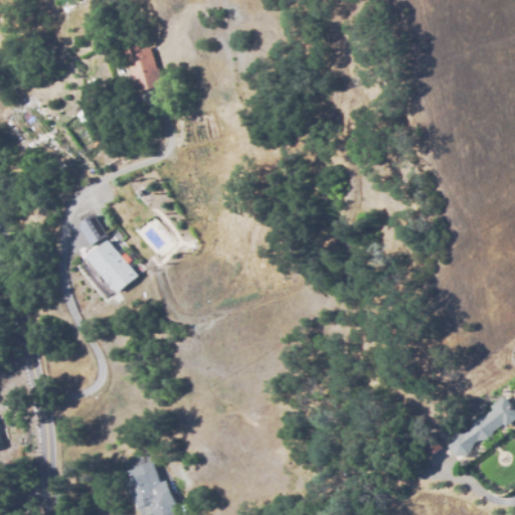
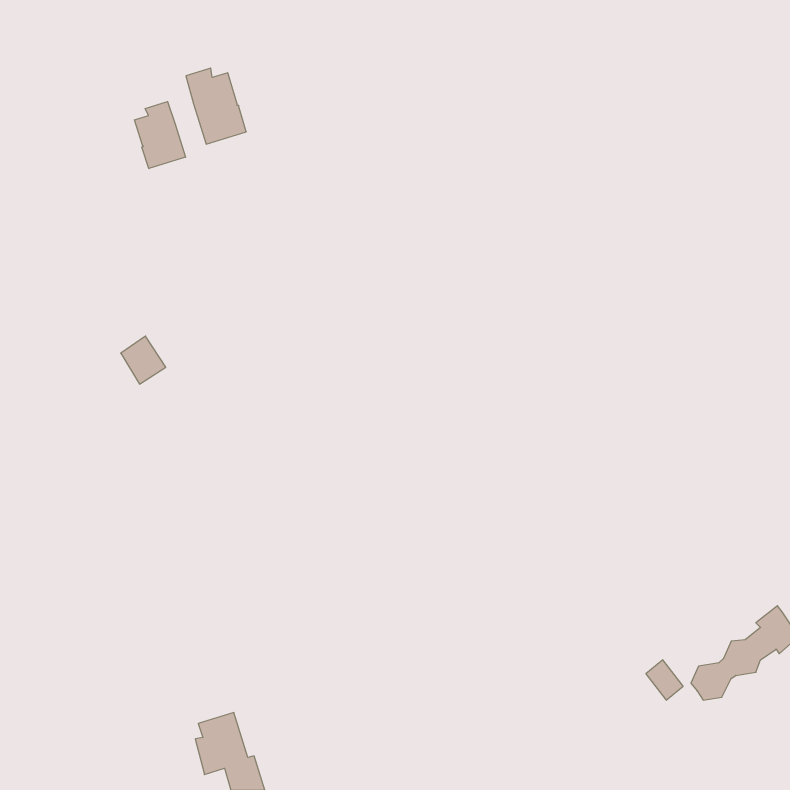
building: none -> [134,102,186,169]
building: [88,243,139,296] -> none

